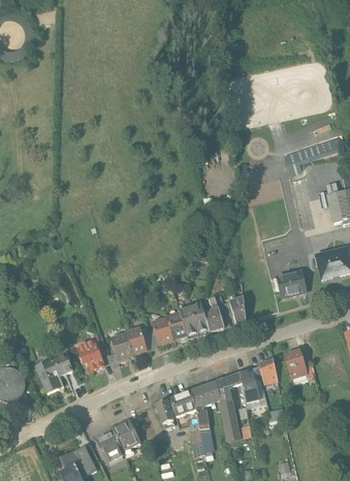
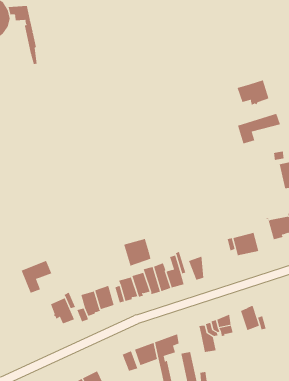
building: none -> [8,5,37,65]
building: none -> [237,79,269,105]
building: none -> [124,238,151,266]
building: [36,353,70,389] -> [21,260,52,293]
building: [217,372,242,402] -> none

